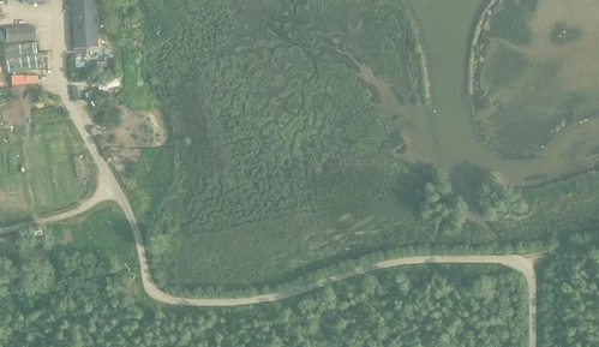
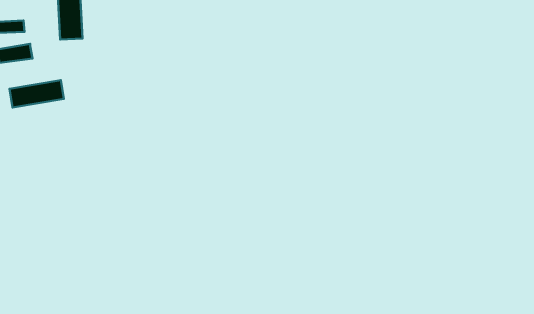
building: none -> [9,80,64,107]

